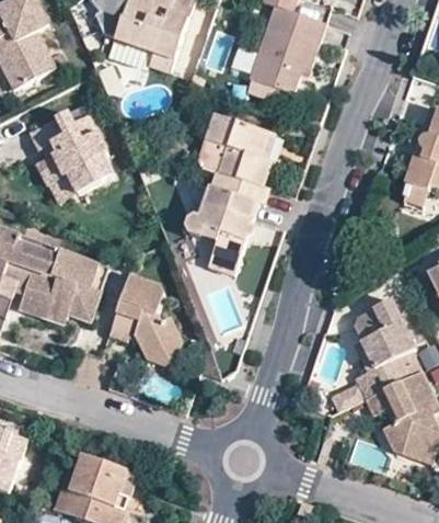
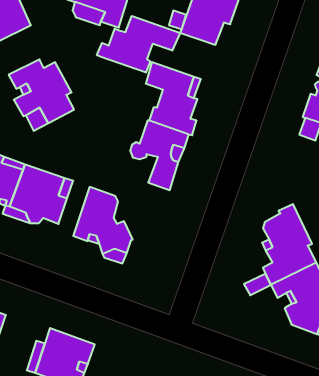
building: none -> [97,16,180,73]

